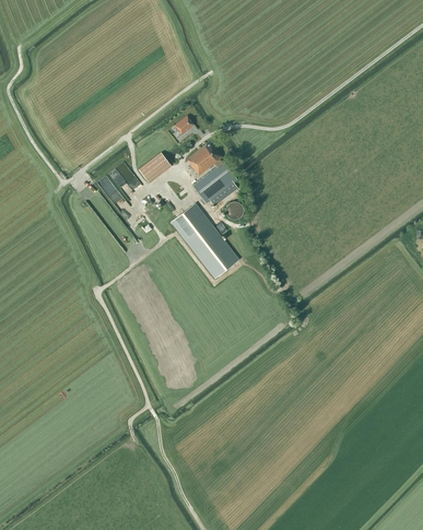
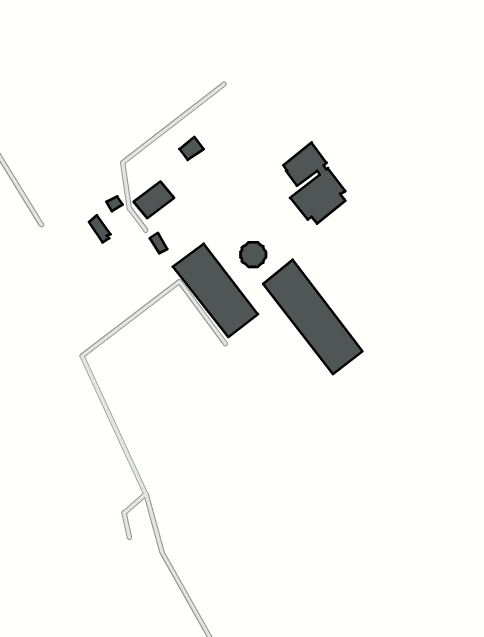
building: [187,141,237,207] -> [283,142,345,224]
building: none -> [263,260,362,374]

